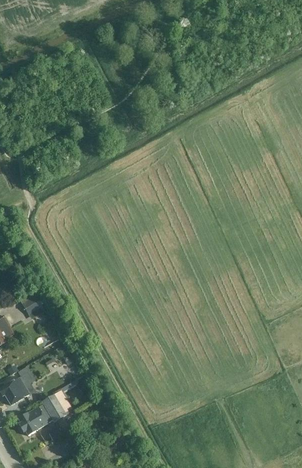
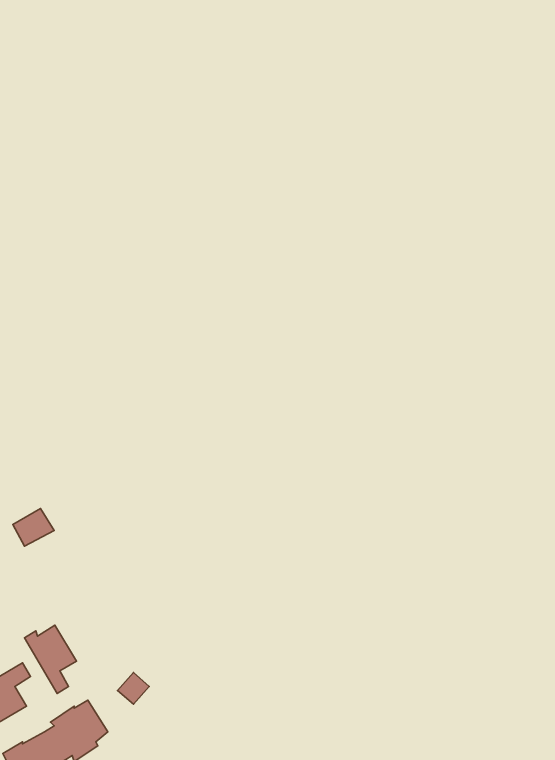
building: none -> [25,625,76,693]

